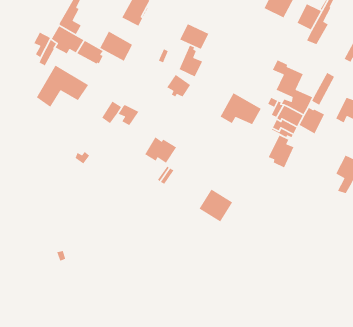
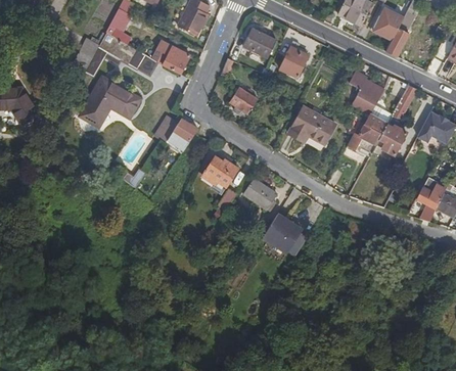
building: [178,45,203,78] -> [280,38,308,75]
building: [268,134,295,169] -> none
building: none -> [244,180,277,213]

